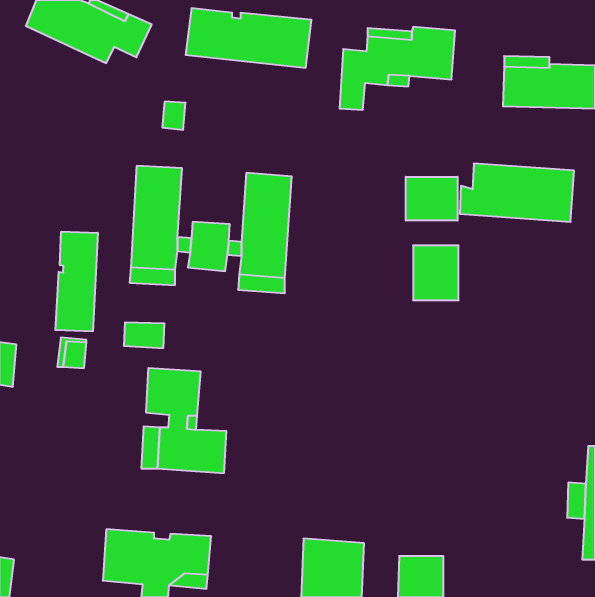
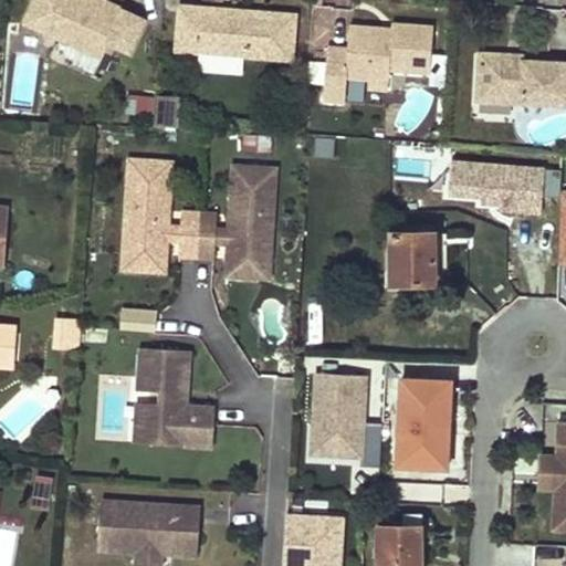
building: [406,177,458,221] -> none
building: [55,232,98,331] -> none
building: none -> [306,367,381,464]
building: none -> [395,371,453,472]

